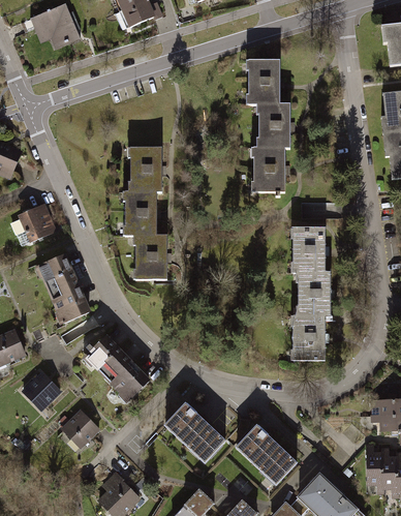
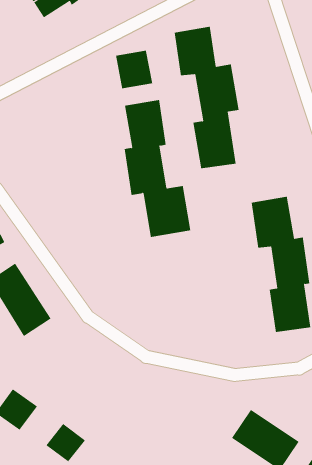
building: none -> [115,50,153,89]
building: [121,152,172,279] -> [124,99,191,238]
building: [83,334,151,403] -> none
building: [164,404,225,464] -> none

